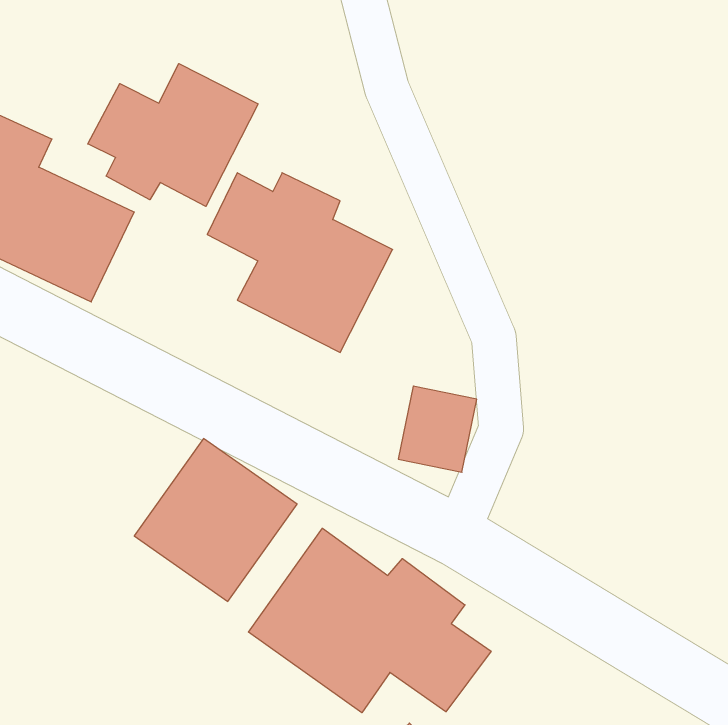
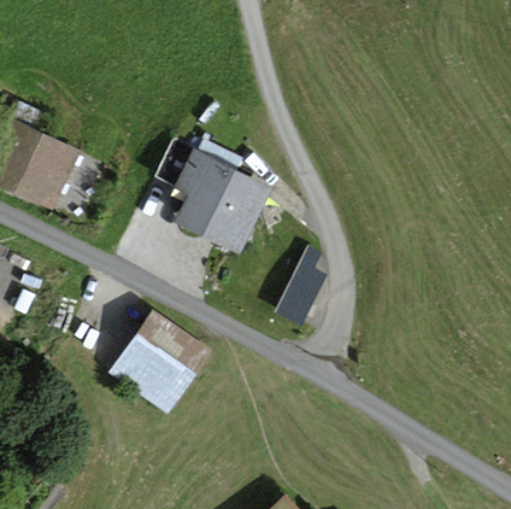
building: [88,64,258,206] -> none
building: [248,528,491,713] -> none

